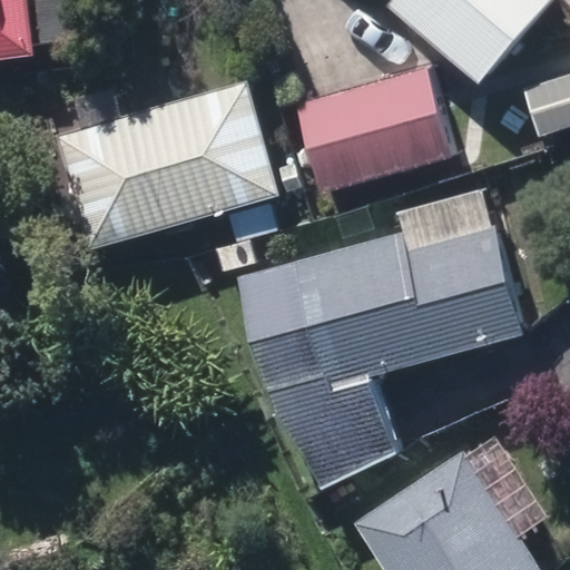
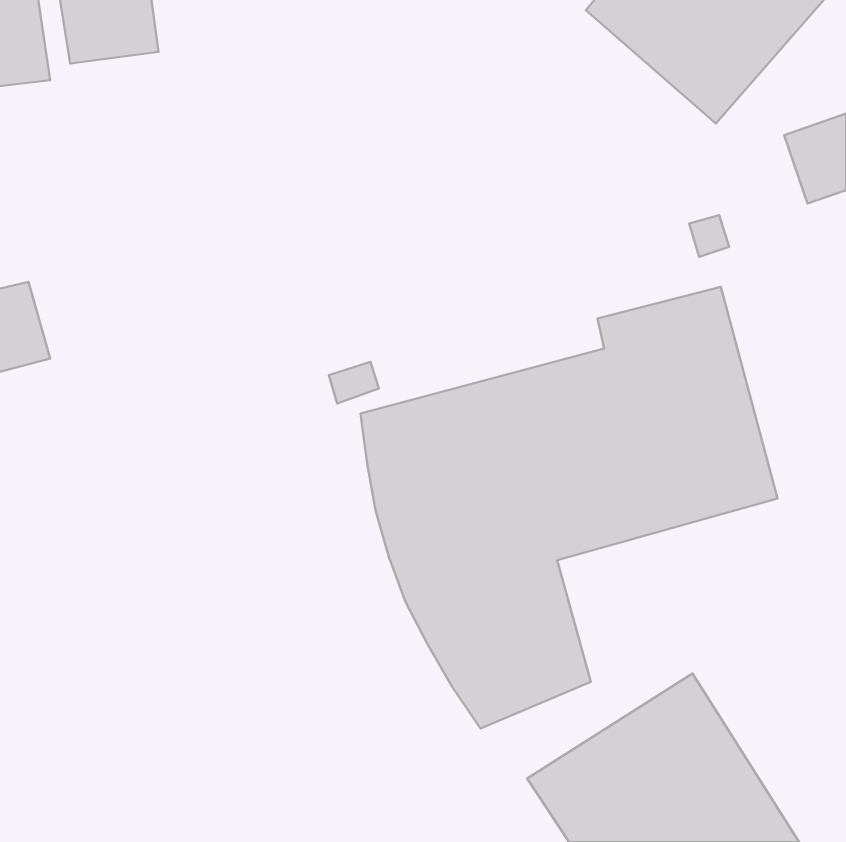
building: [297,68,450,191] -> none
building: [59,83,278,248] -> none

